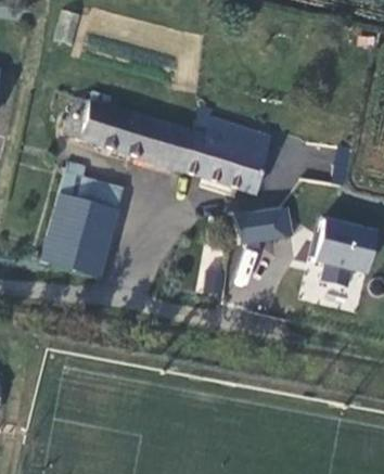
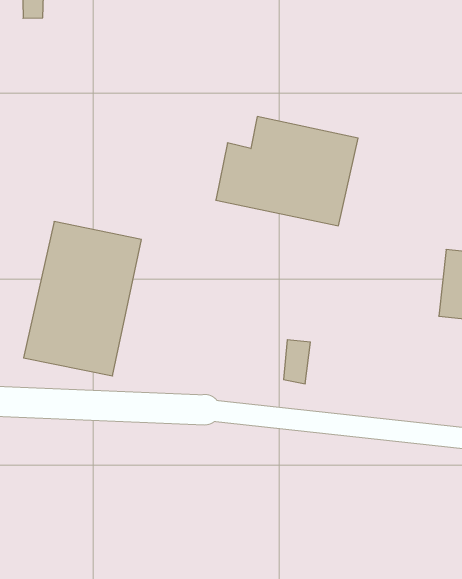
building: [65,95,188,168] -> none
building: [235,205,293,247] -> none

